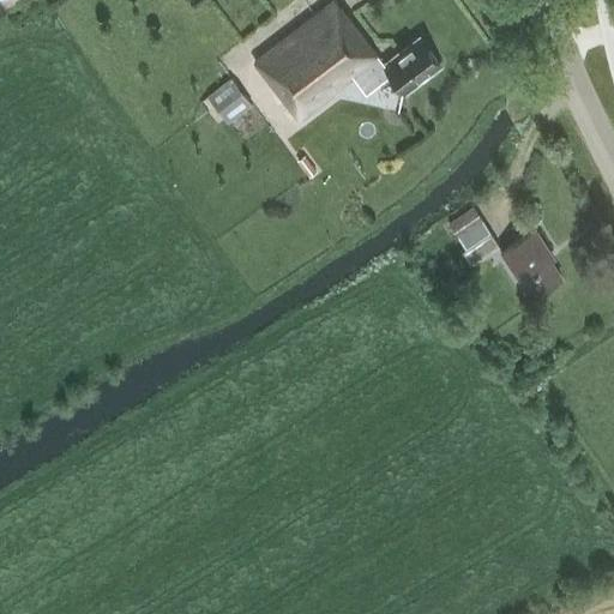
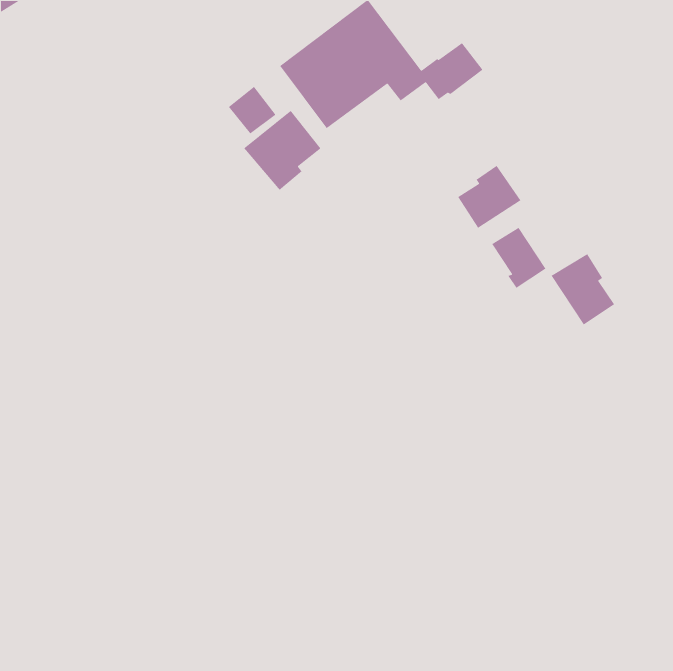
building: none -> [243,110,322,191]
building: none -> [457,165,521,229]

